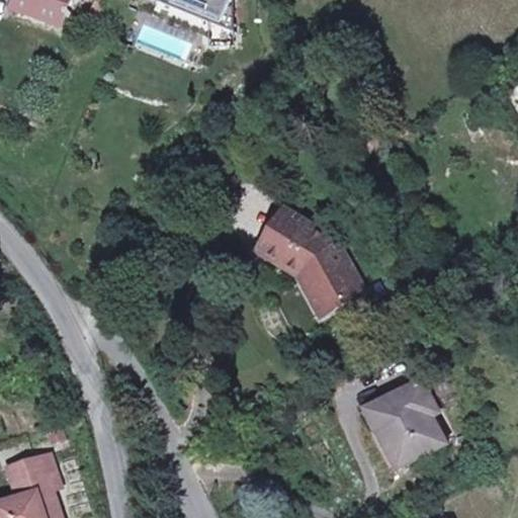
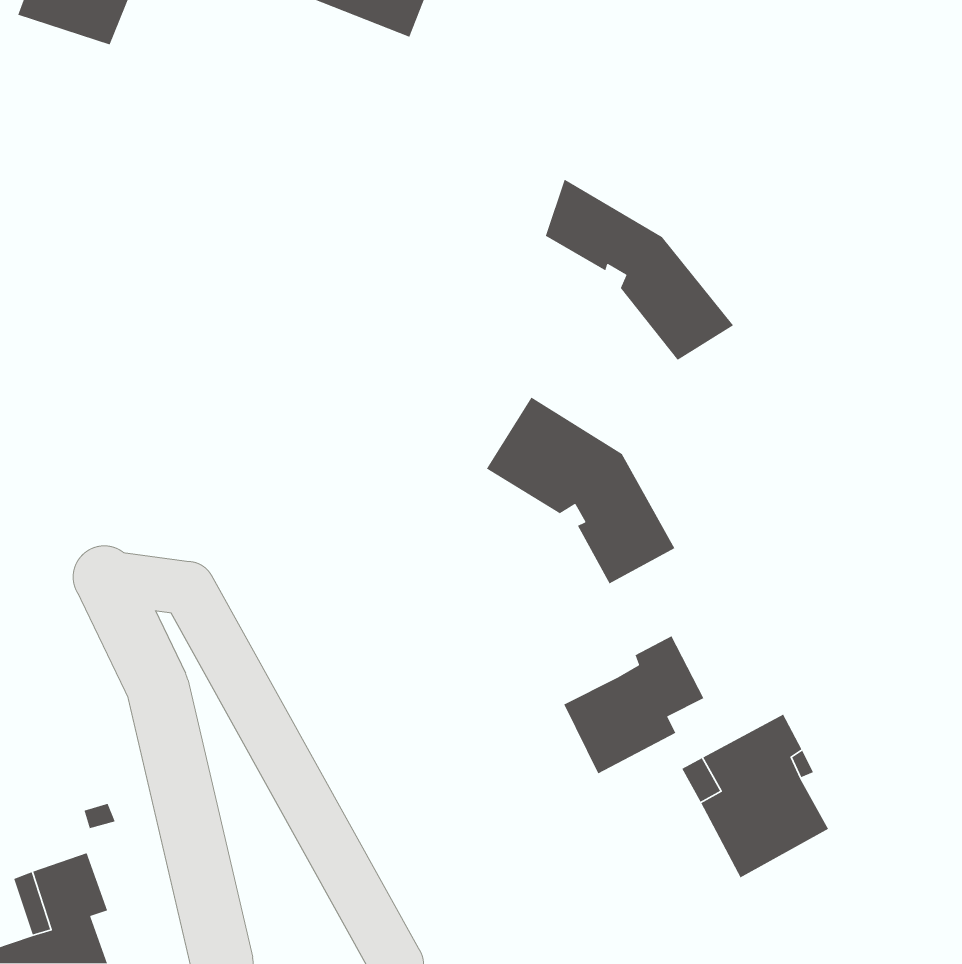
building: none -> [545,179,734,361]
building: none -> [563,635,705,775]

